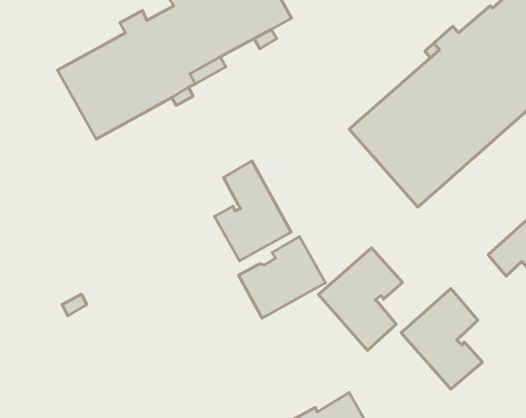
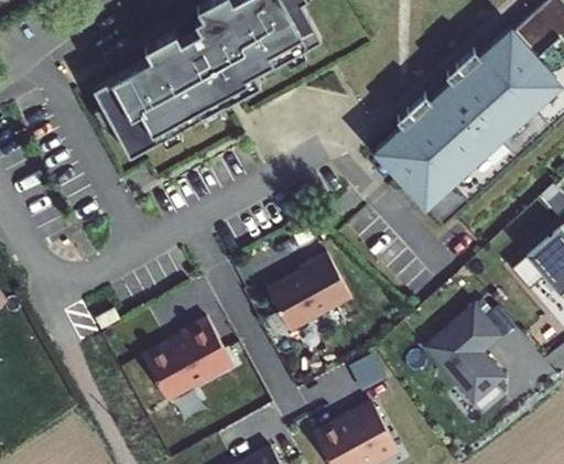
building: [214,161,291,261] -> none
building: [319,248,403,350] -> none
building: none -> [140,320,230,402]

